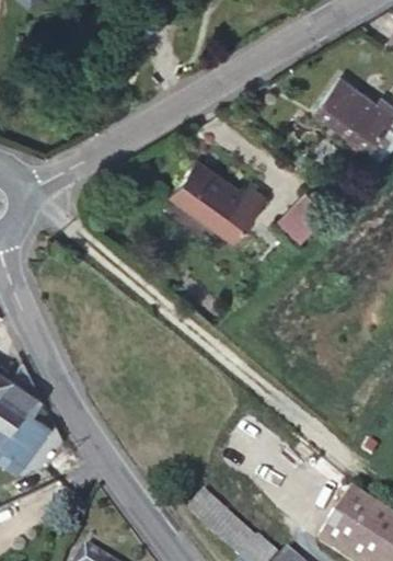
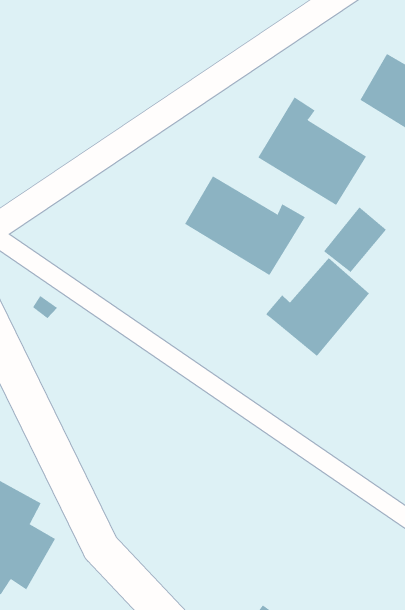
building: none -> [258,96,367,206]
building: none -> [266,257,370,357]

